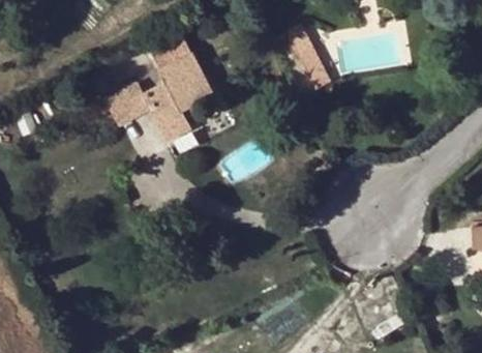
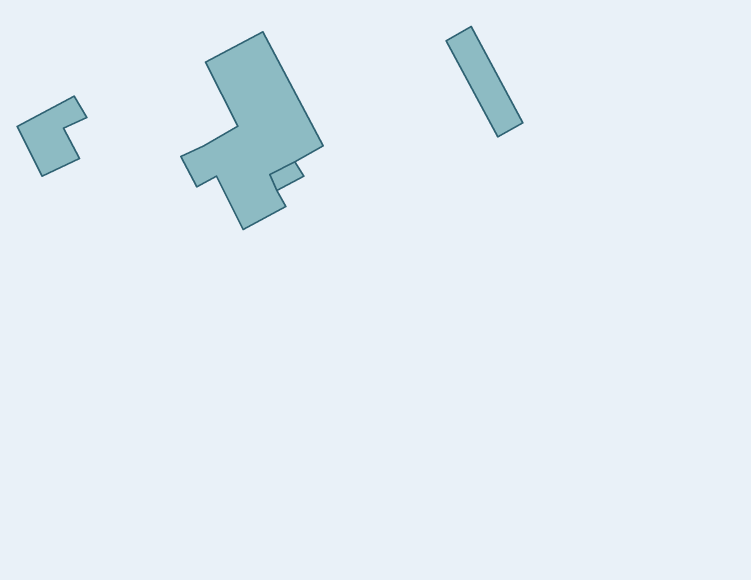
building: [104,82,145,128] -> [17,96,87,176]

